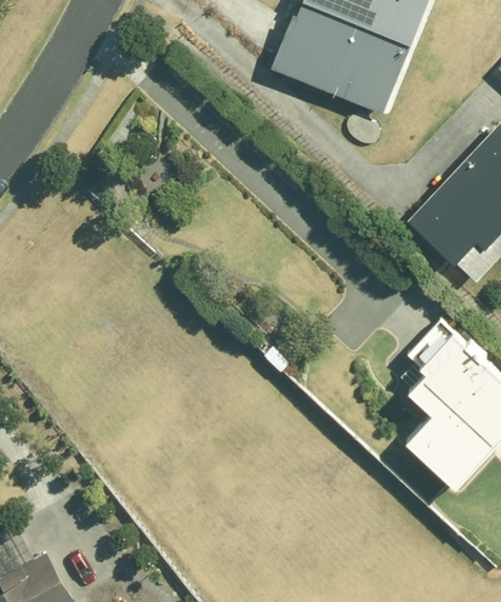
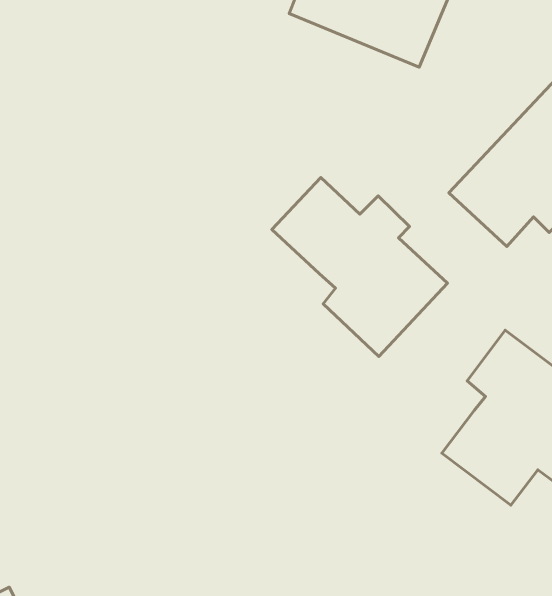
building: none -> [272,178,448,356]

